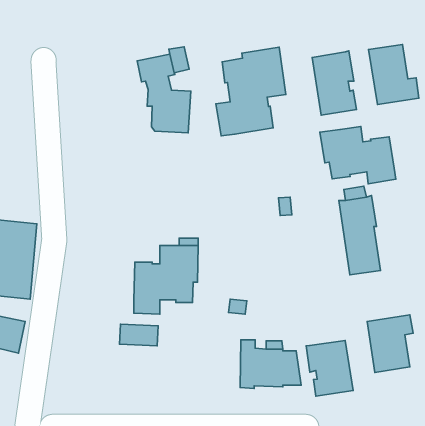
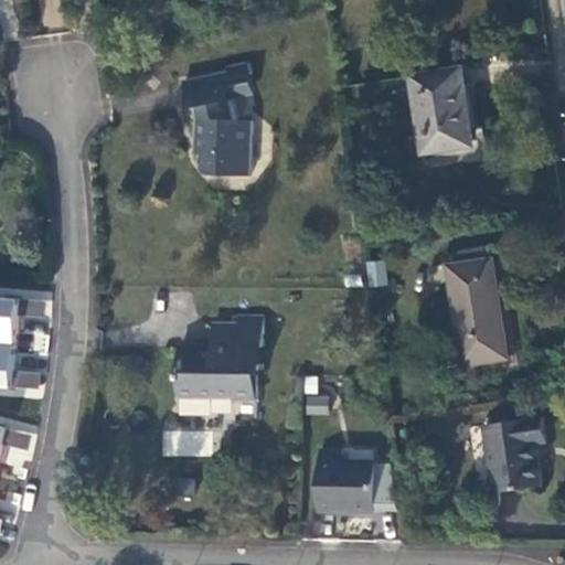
building: [368,45,419,105] -> none
building: [216,47,286,136] -> none
building: [320,126,396,184] -> none
building: [306,340,353,396] -> none

